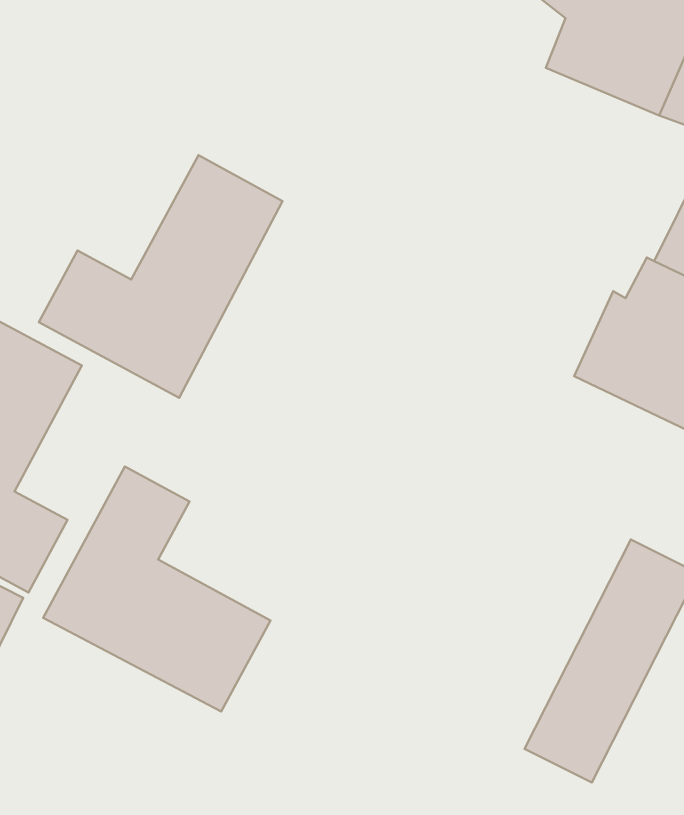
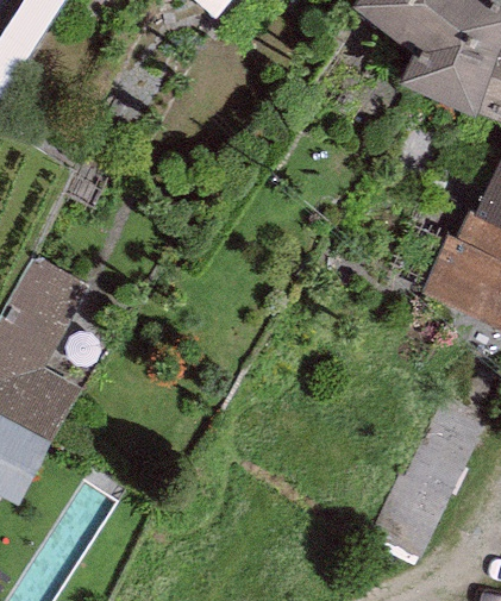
building: [39,155,283,398] -> none
building: [43,466,270,711] -> none

